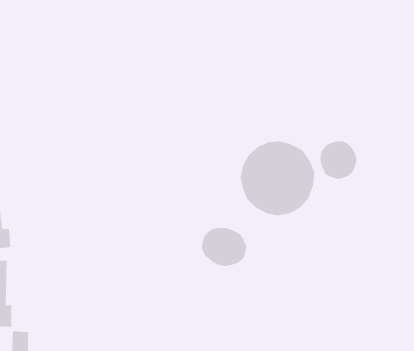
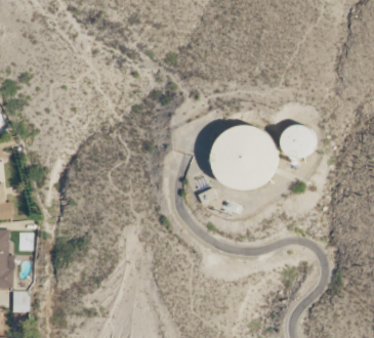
building: [201,227,247,267] -> none

